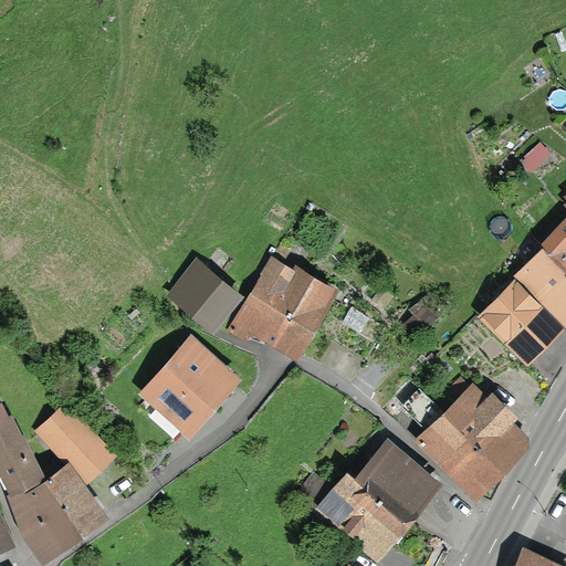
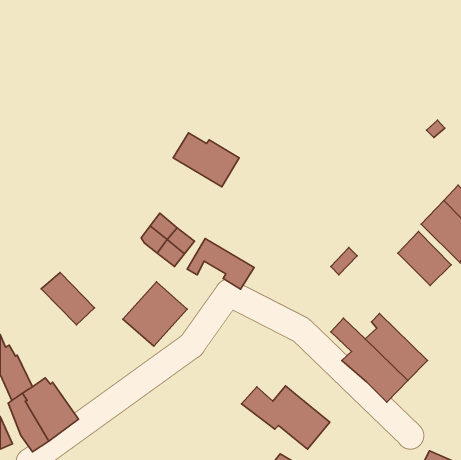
building: [252,263,333,329] -> [173,133,239,187]
building: [44,412,109,476] -> [41,273,95,325]
building: [363,449,434,518] -> none

